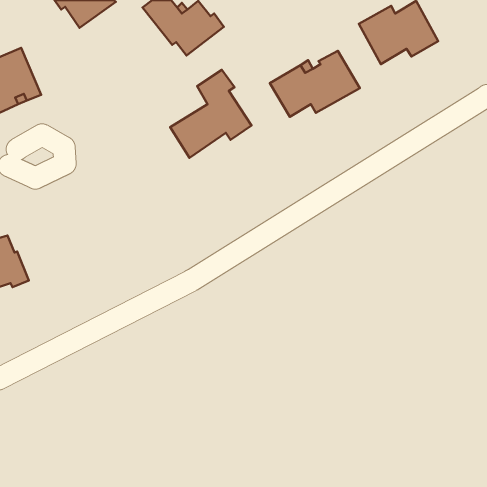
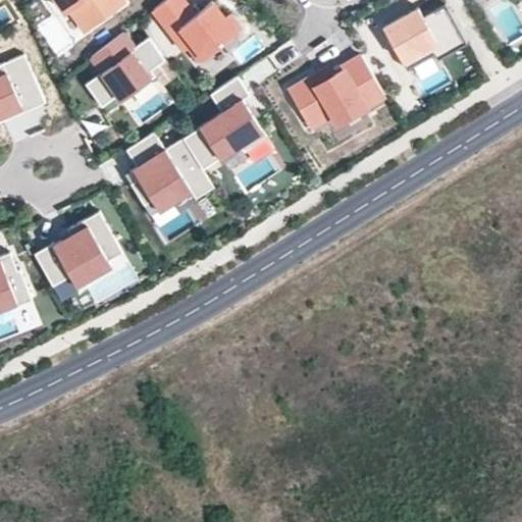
building: none -> [85,33,163,107]
building: none -> [125,132,214,217]
building: none -> [34,212,122,288]

